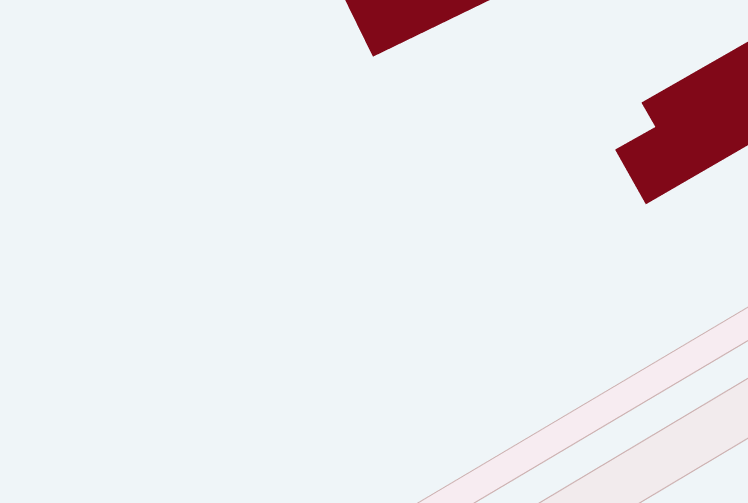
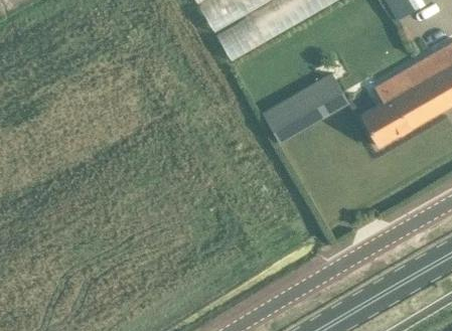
building: none -> [263,71,350,142]

